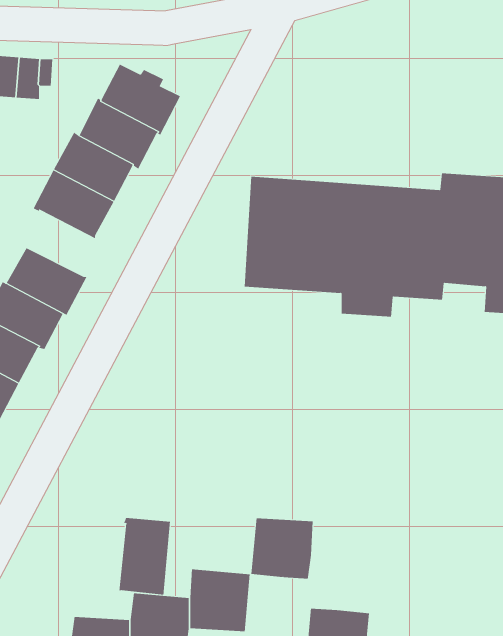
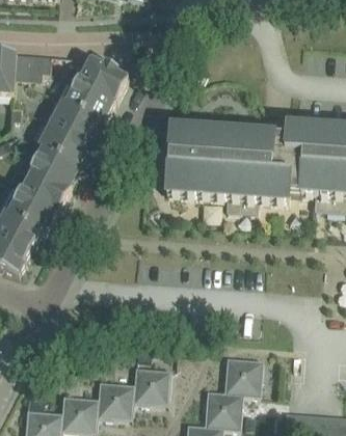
building: none -> [30,145,80,186]
building: [119,517,171,595] -> none
building: [251,518,314,579] -> [223,355,262,392]

